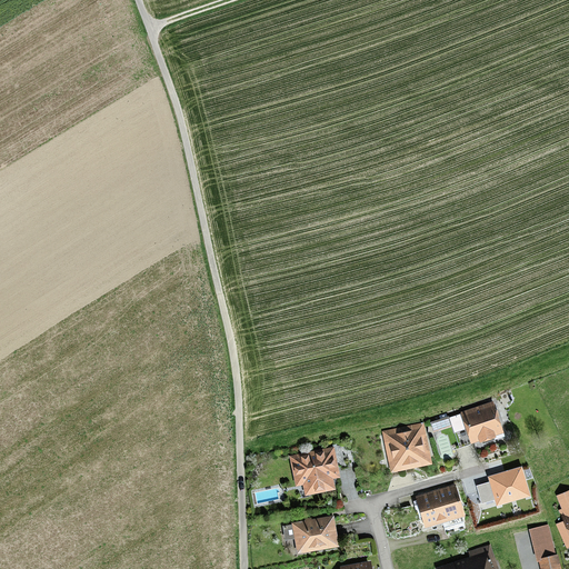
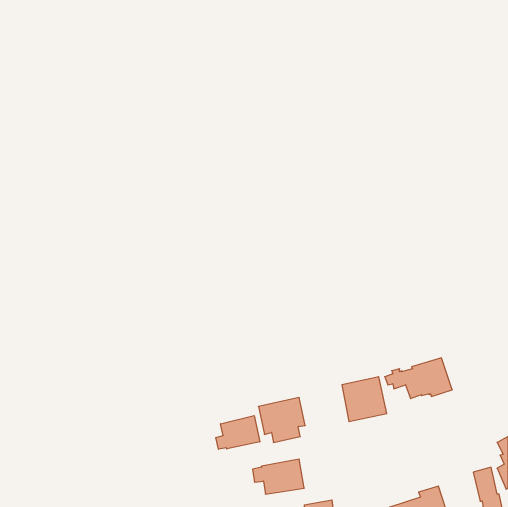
building: [478,463,533,509] -> none
building: none -> [216,416,260,449]
building: [416,483,466,530] -> none

